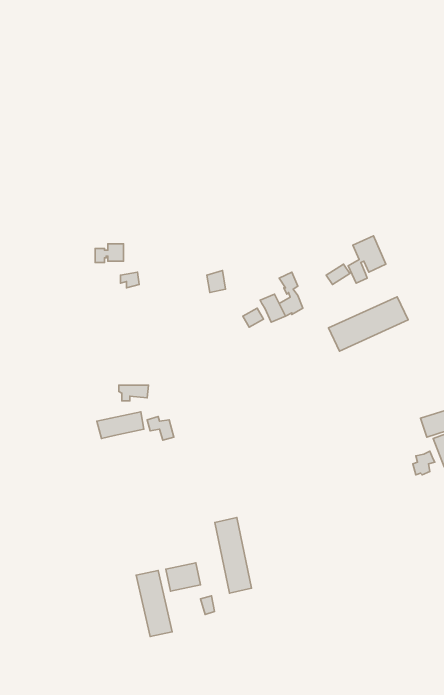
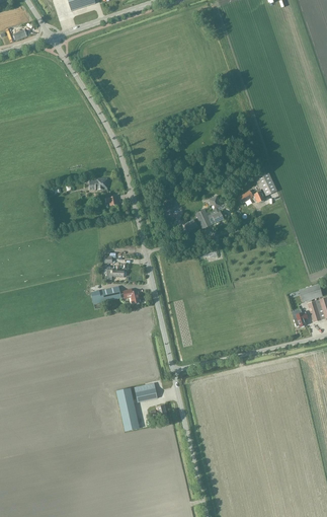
building: [329,297,408,351] -> none
building: [215,518,252,593] -> none

